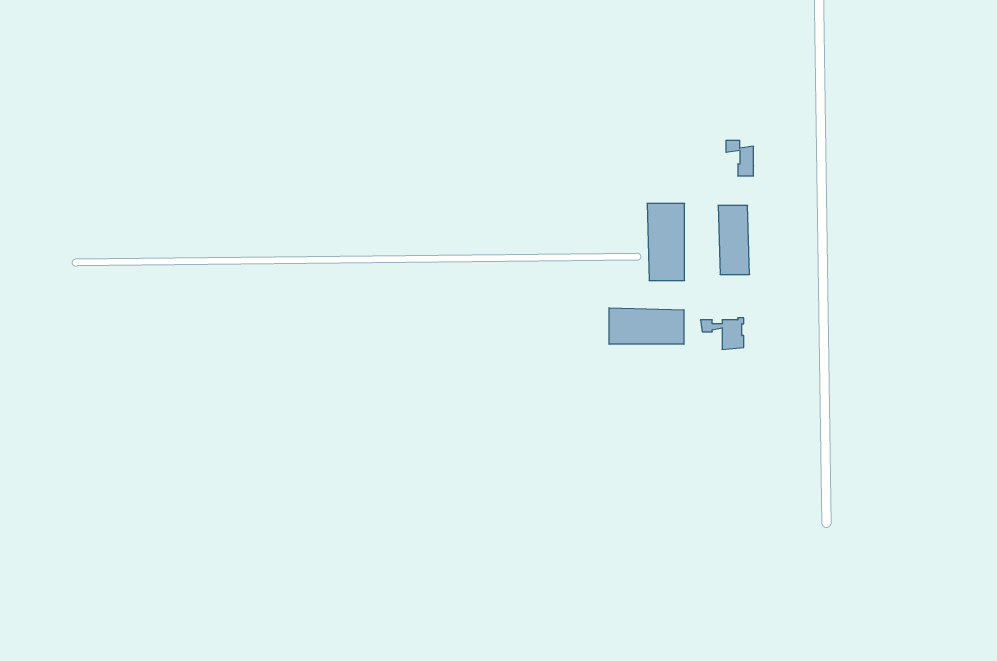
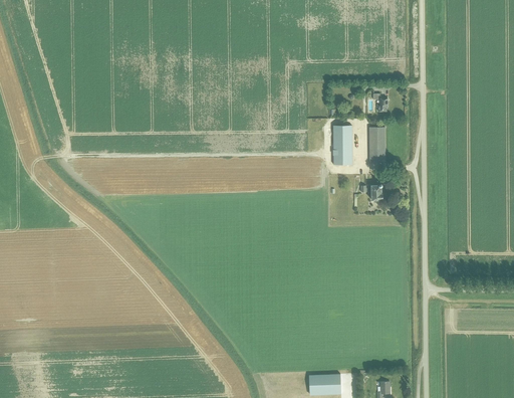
building: [609,308,684,344] -> none

